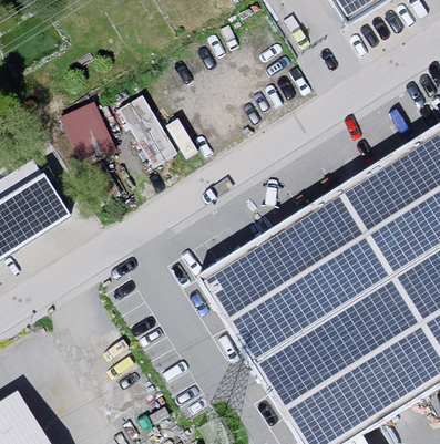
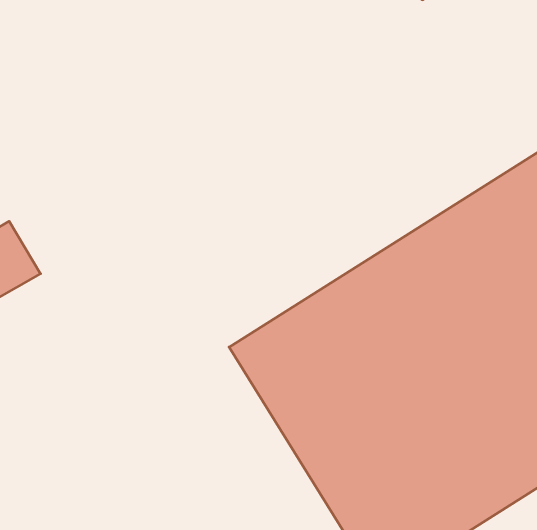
building: [123,92,176,166] -> none
building: [58,103,116,168] -> none

